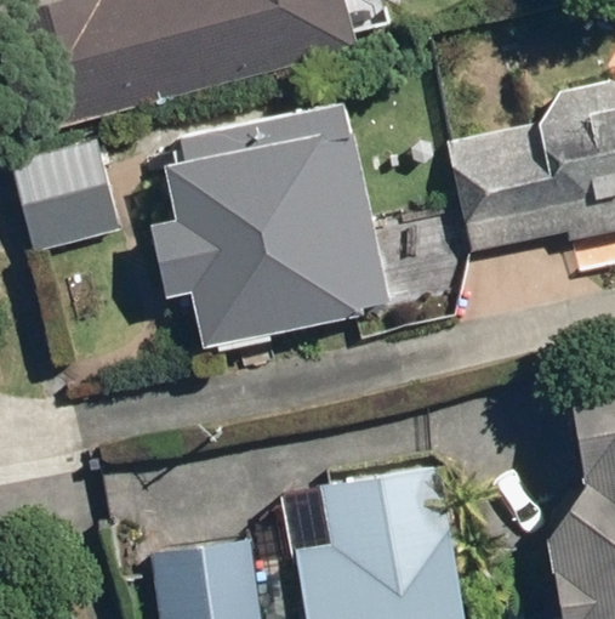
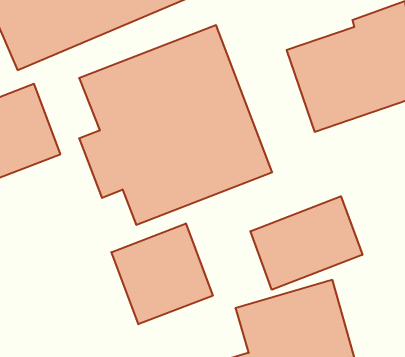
building: none -> [250,196,362,290]
building: none -> [111,223,213,324]

